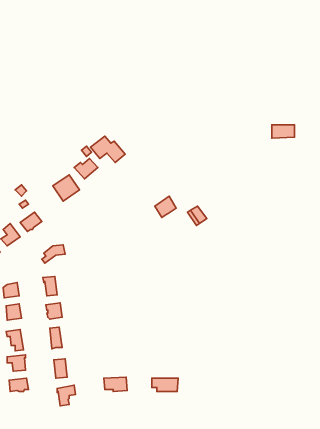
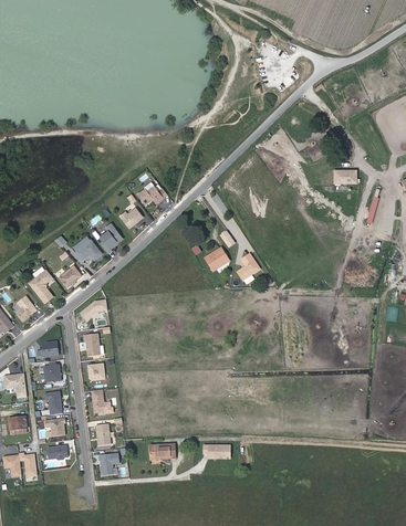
building: none -> [71,235,102,263]

